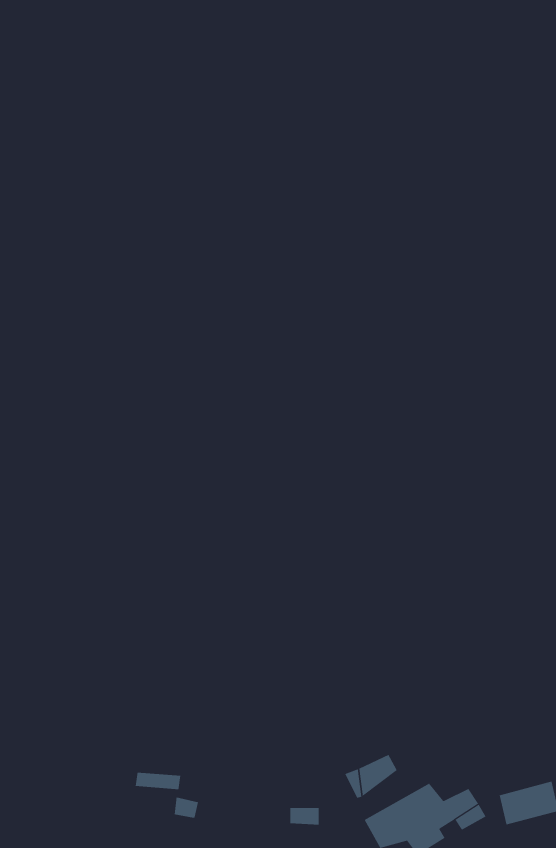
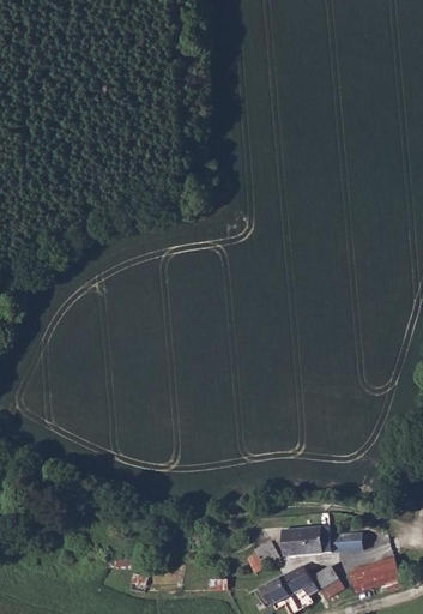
building: none -> [285,528,361,552]

